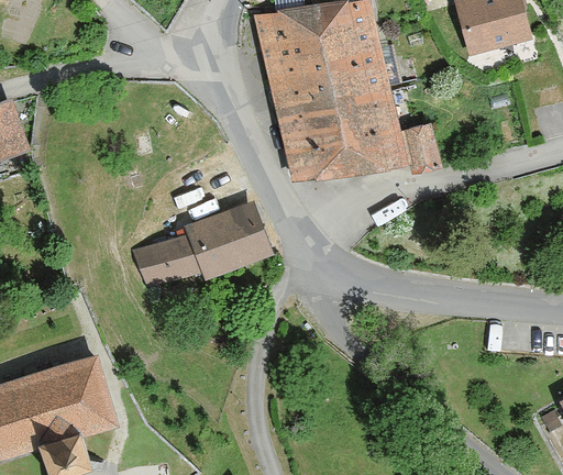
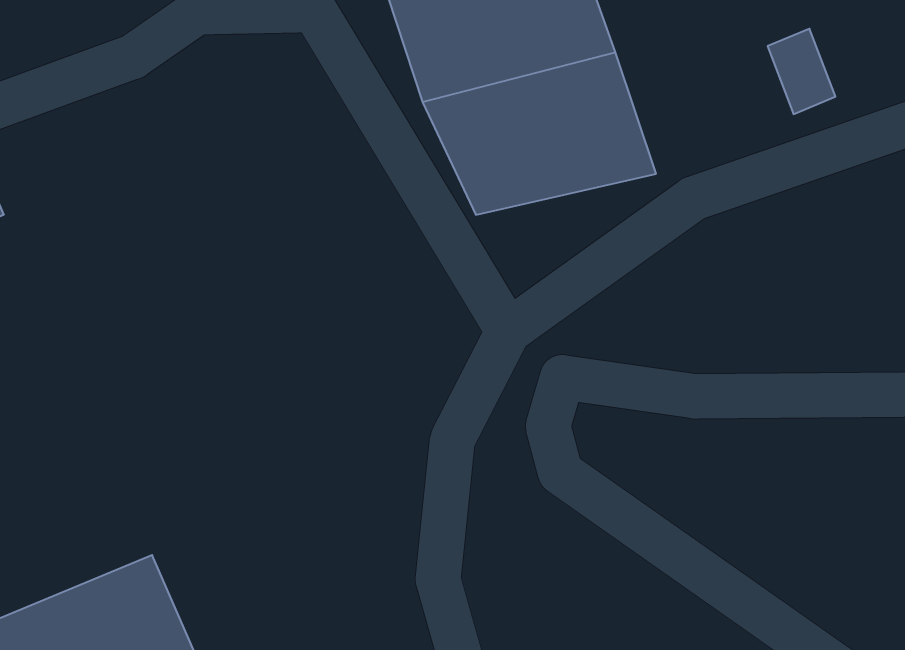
building: [404,124,440,173] -> [768,29,835,114]
building: [135,202,272,287] -> none

